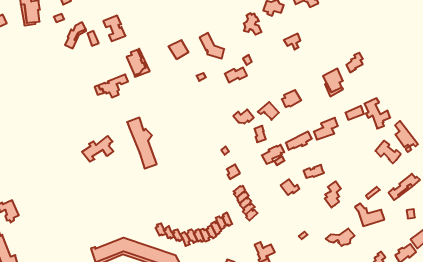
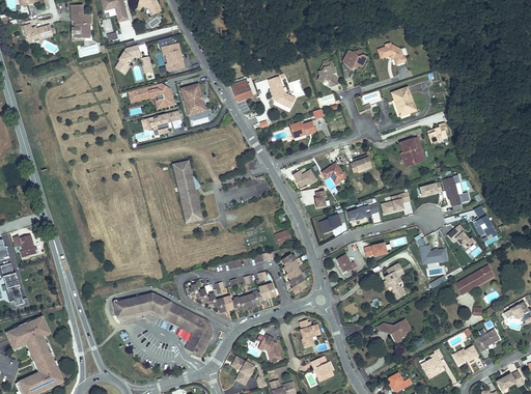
building: none -> [391,86,415,115]
building: none -> [131,84,172,106]
building: [82,136,113,162] -> none
building: [355,203,384,226] -> [416,237,447,263]

